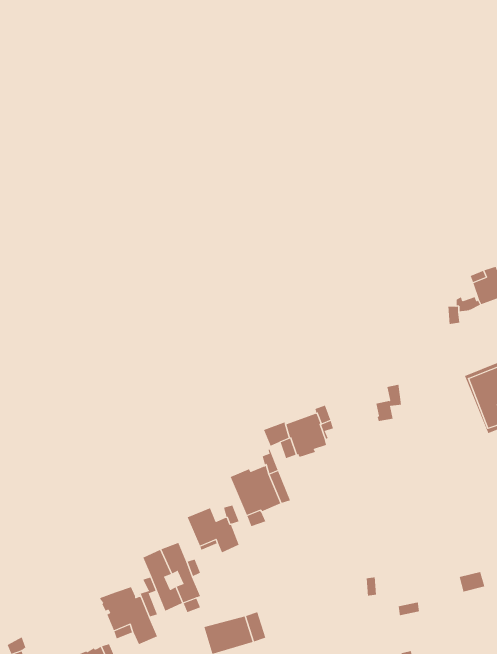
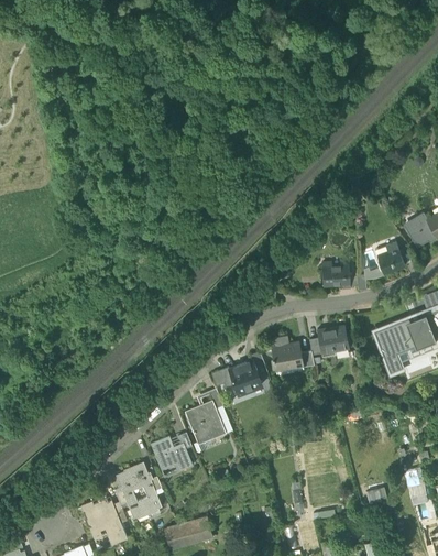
building: none -> [322,265,350,286]
building: none -> [317,326,349,355]
building: none -> [271,337,303,368]

